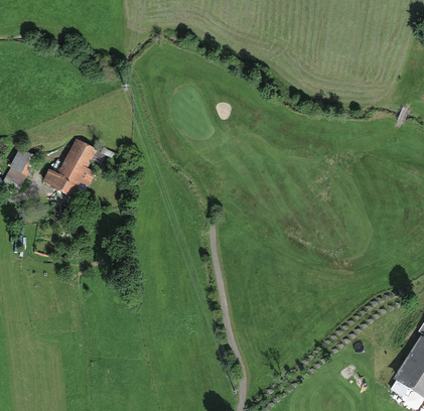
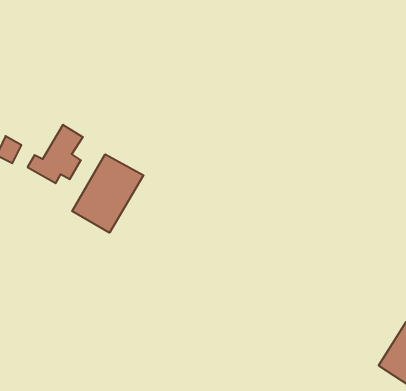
building: none -> [72,154,144,233]

